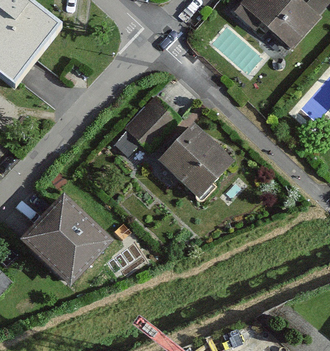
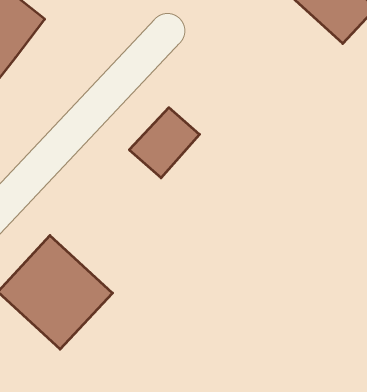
building: [161,123,232,194] -> none

